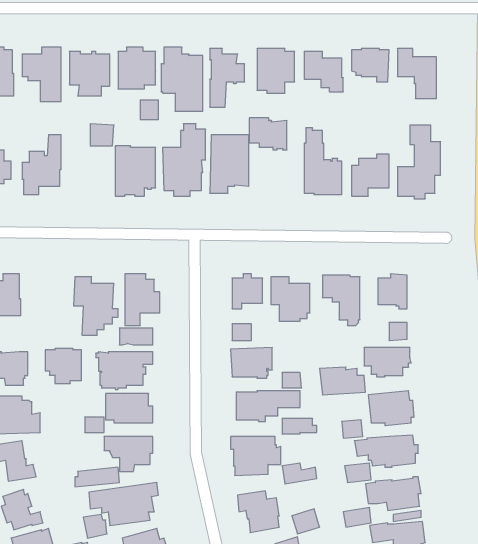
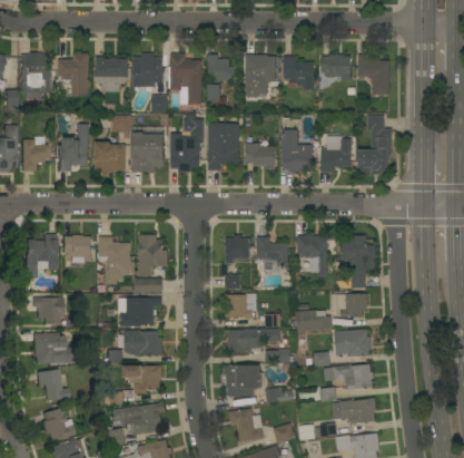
building: [249,118,287,150] -> [245,144,275,169]
building: none -> [95,143,125,172]
building: [45,349,81,383] -> [62,236,91,264]

